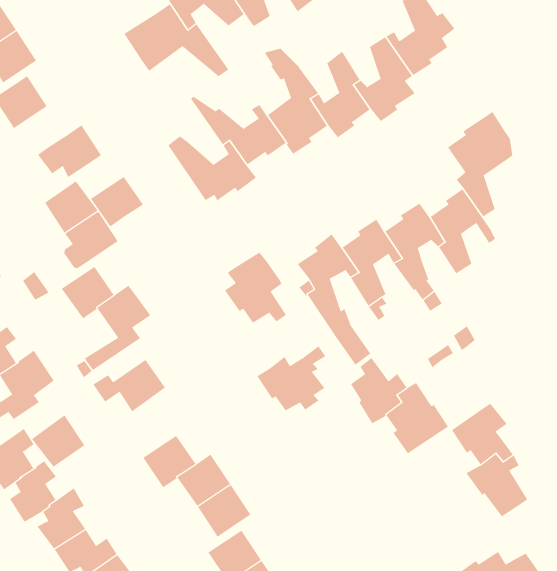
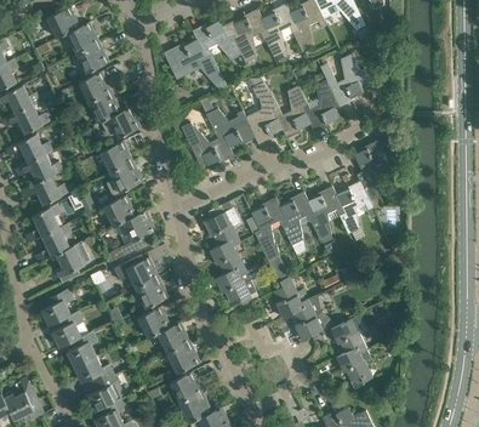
building: [90,176,144,227] -> [87,92,120,123]
building: none -> [209,240,245,274]
building: [31,415,85,468] -> [135,277,167,308]

